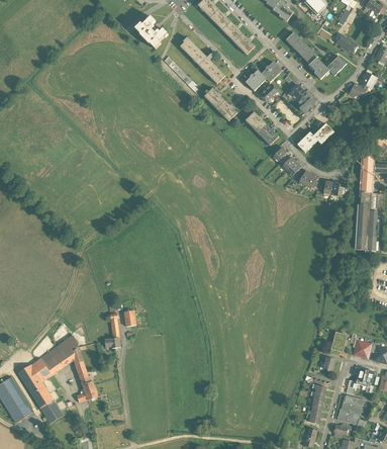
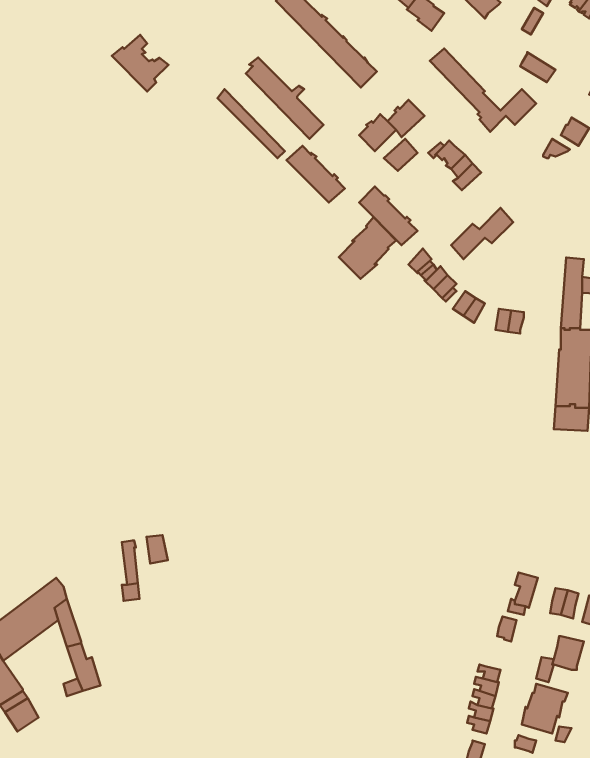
building: [134,15,167,48] -> [112,35,168,91]
building: none -> [339,217,396,279]

